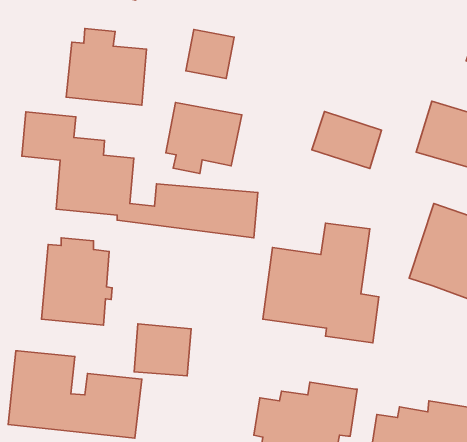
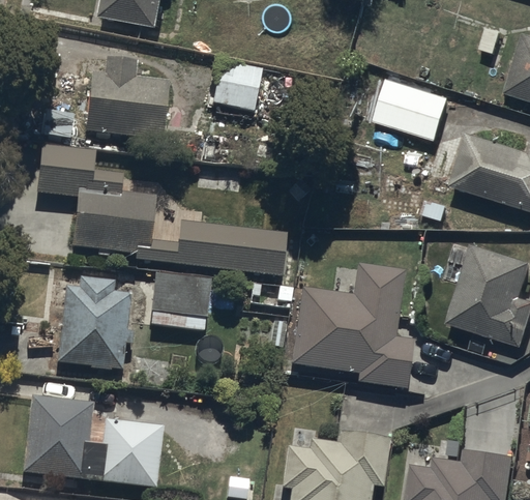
building: [166,102,242,174] -> none
building: [312,111,382,168] -> [375,79,448,139]
building: [134,324,191,376] -> [149,273,209,328]

